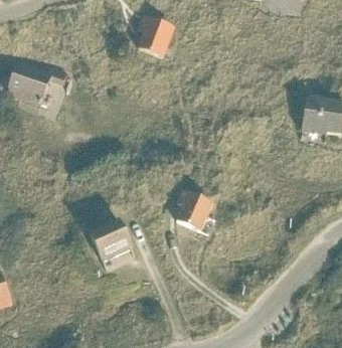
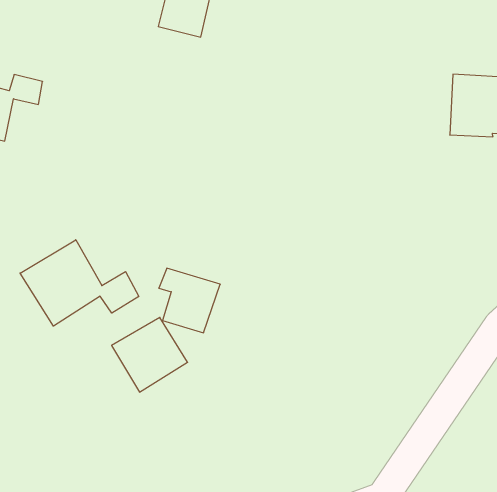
building: none -> [20,240,139,326]
building: [176,190,212,230] -> [159,268,220,333]

